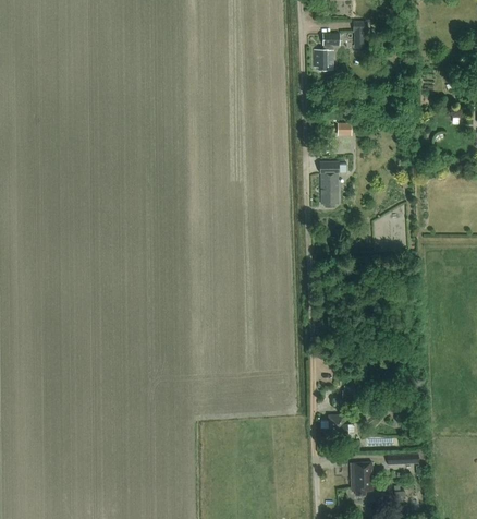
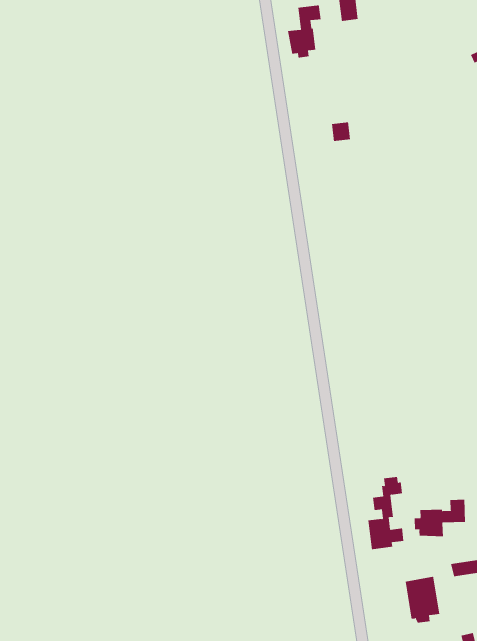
building: [318,162,338,207] -> none
building: none -> [414,499,466,537]

